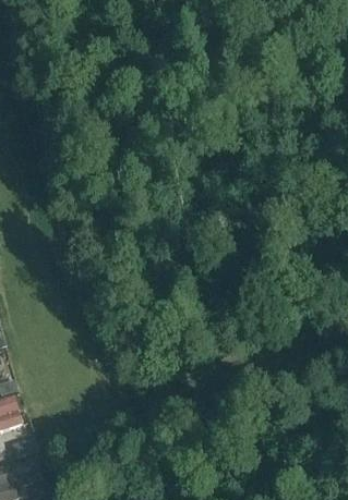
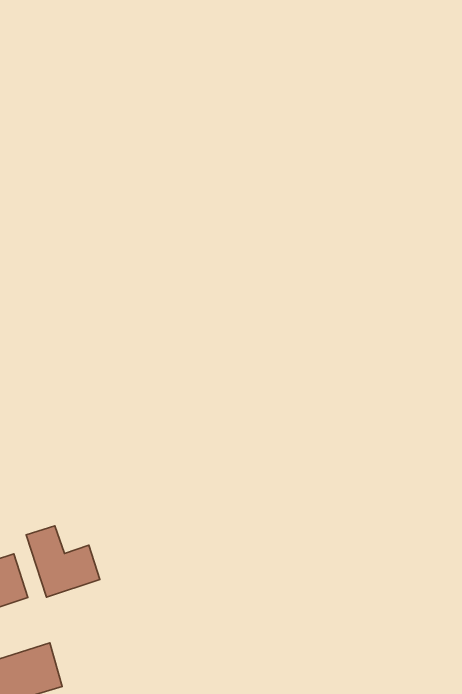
building: none -> [26,526,100,597]

